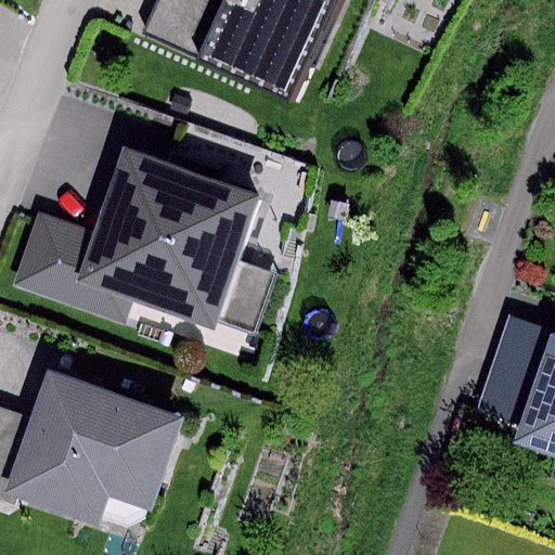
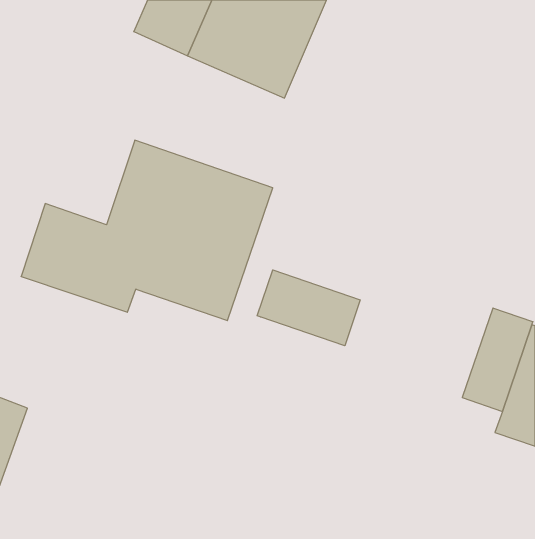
building: none -> [257,270,360,346]
building: [4,373,177,527] -> none

